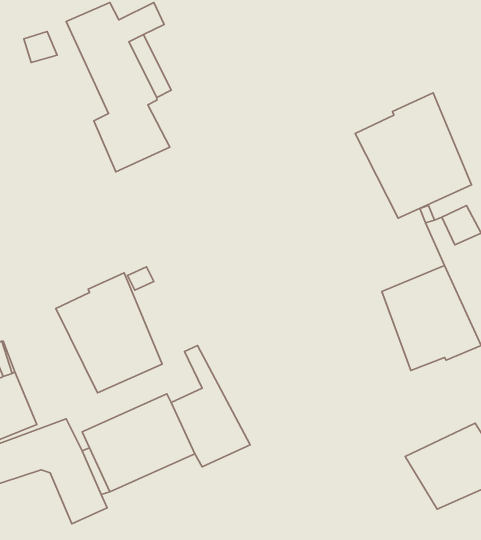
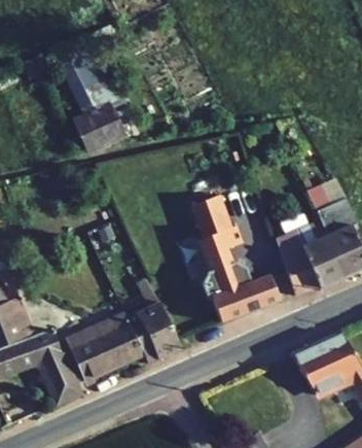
building: [355,93,472,218] -> none
building: none -> [192,195,281,322]
building: [56,273,162,393] -> none

